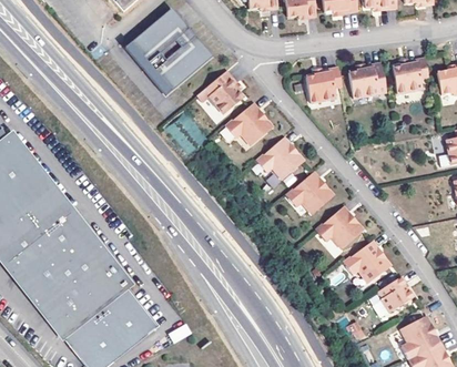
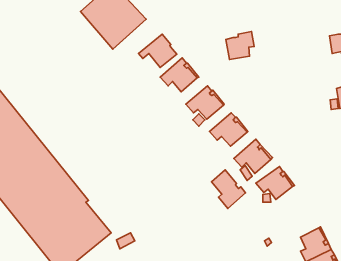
building: [392,60,428,95] -> none
building: [348,64,386,100] -> none
building: none -> [212,170,246,208]
building: [379,277,414,313] -> none

